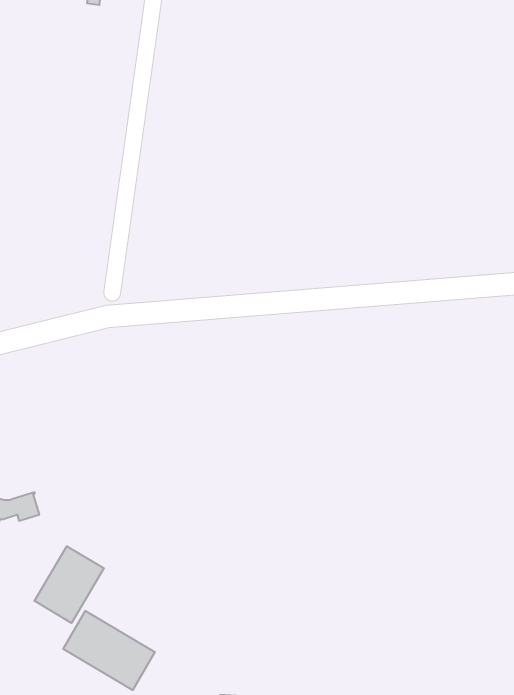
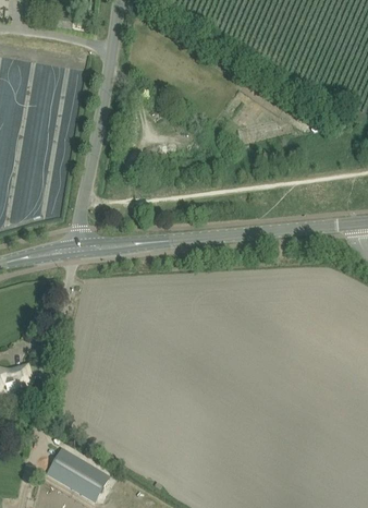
building: [34,546,104,623] -> none

